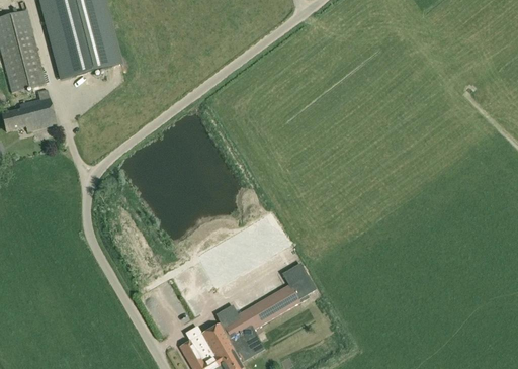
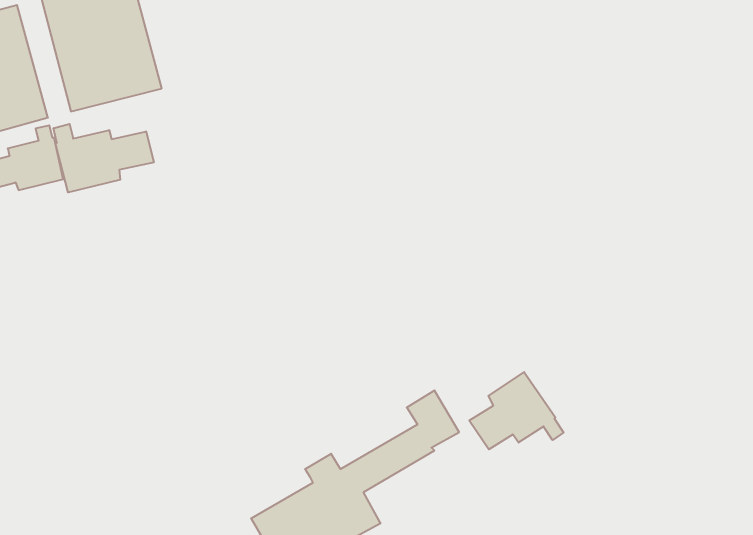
building: none -> [54,124,154,192]
building: none -> [469,372,564,449]

